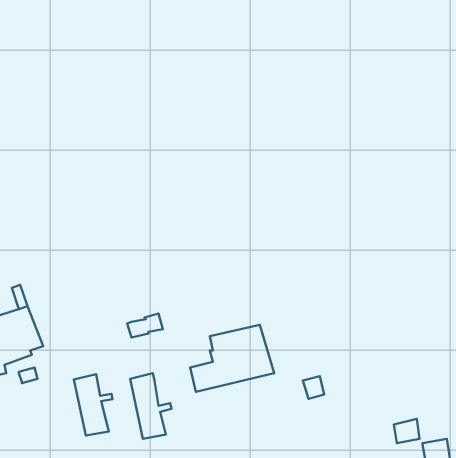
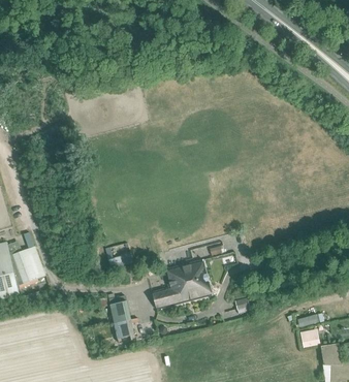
building: [74,374,112,435] -> none

